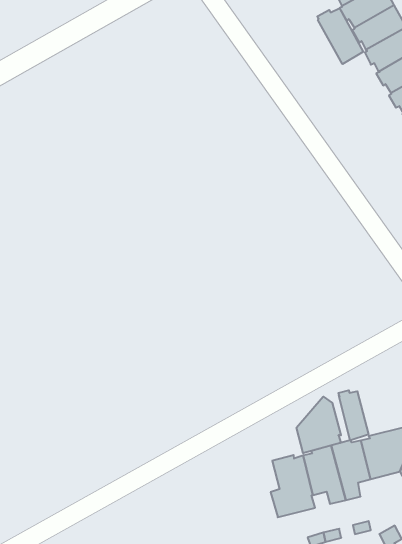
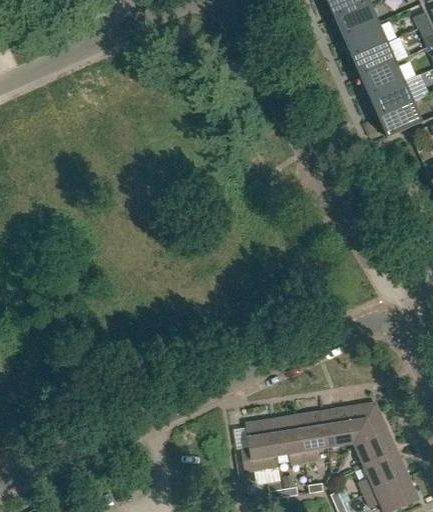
building: [317,8,363,64] -> none
building: [338,390,368,440] -> none
building: [297,397,341,453] -> none

